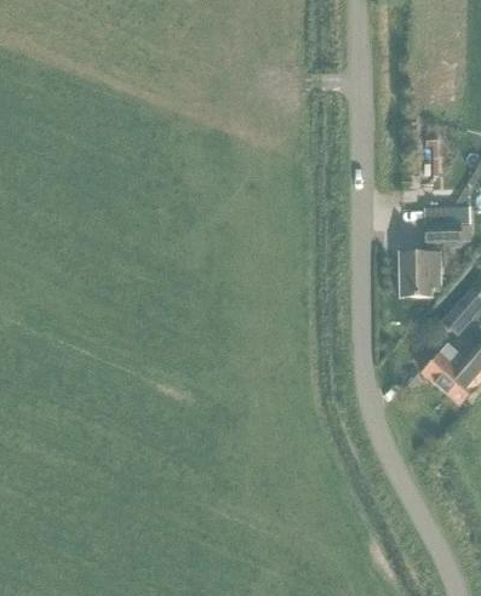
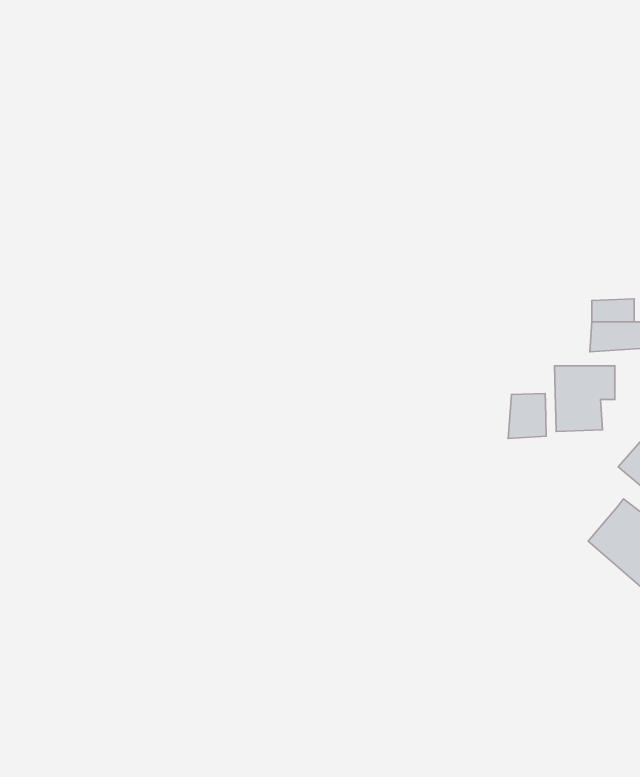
building: none -> [508,393,546,439]

